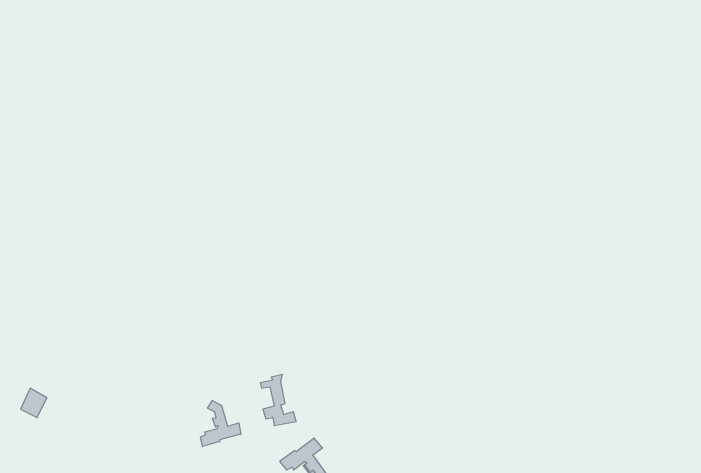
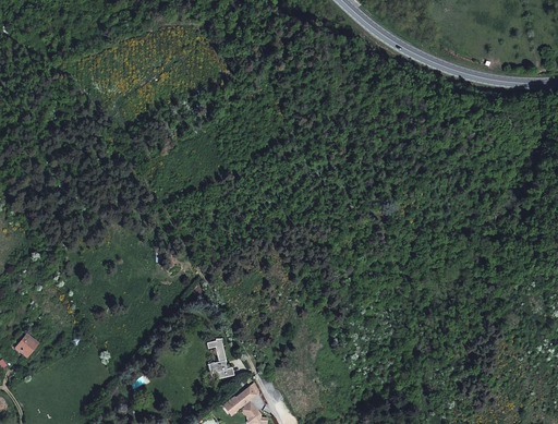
building: [200,400,241,447] -> none

